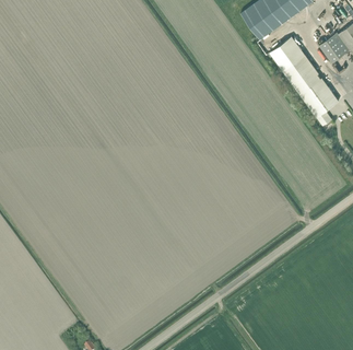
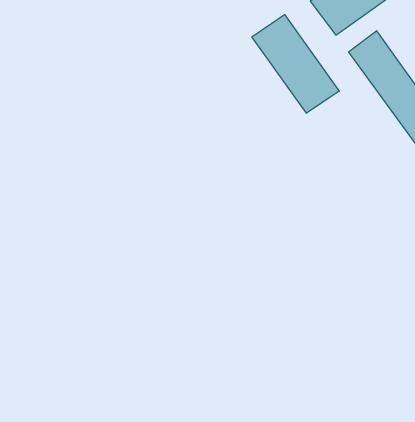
building: none -> [252,15,339,113]

